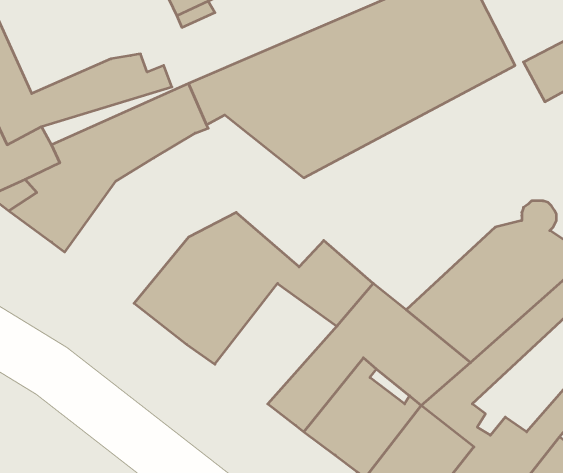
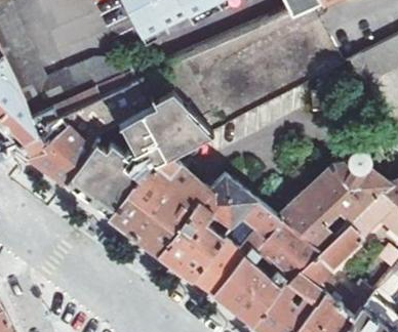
building: none -> [67,99,215,216]
building: none -> [160,204,236,279]

